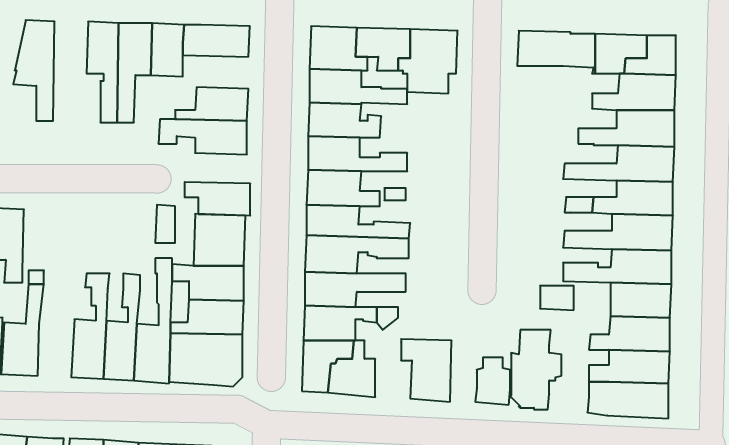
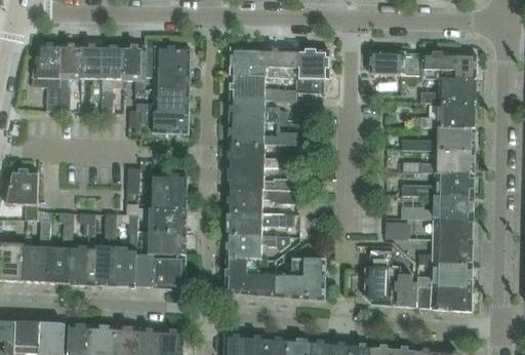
building: none -> [57,44,81,111]
building: [185,182,250,216] -> [145,67,189,89]
building: none -> [47,222,73,283]
building: [475,357,510,405] -> [394,275,417,307]
building: none -> [274,271,298,298]

